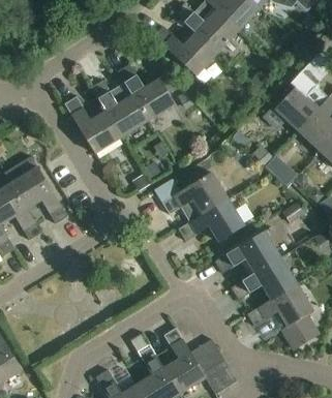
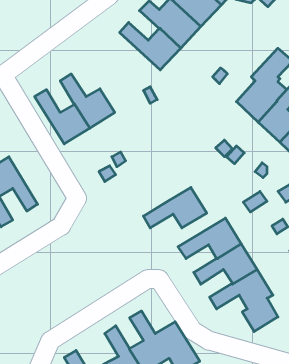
building: [117,63,175,120] -> none
building: [161,172,228,214] -> none

